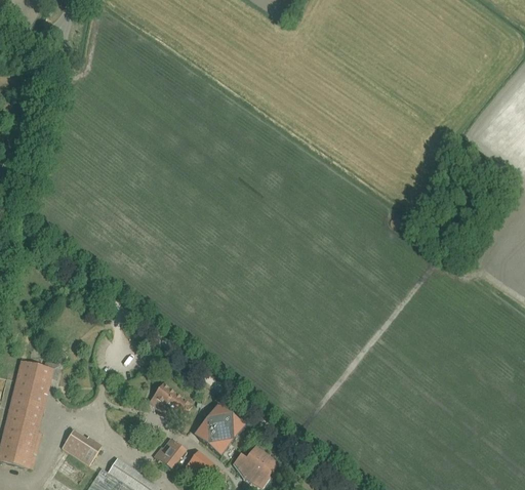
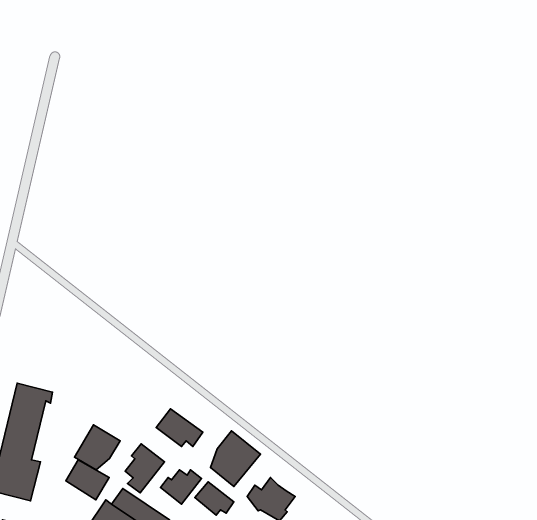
building: none -> [75,425,120,470]
building: none -> [125,444,164,493]

